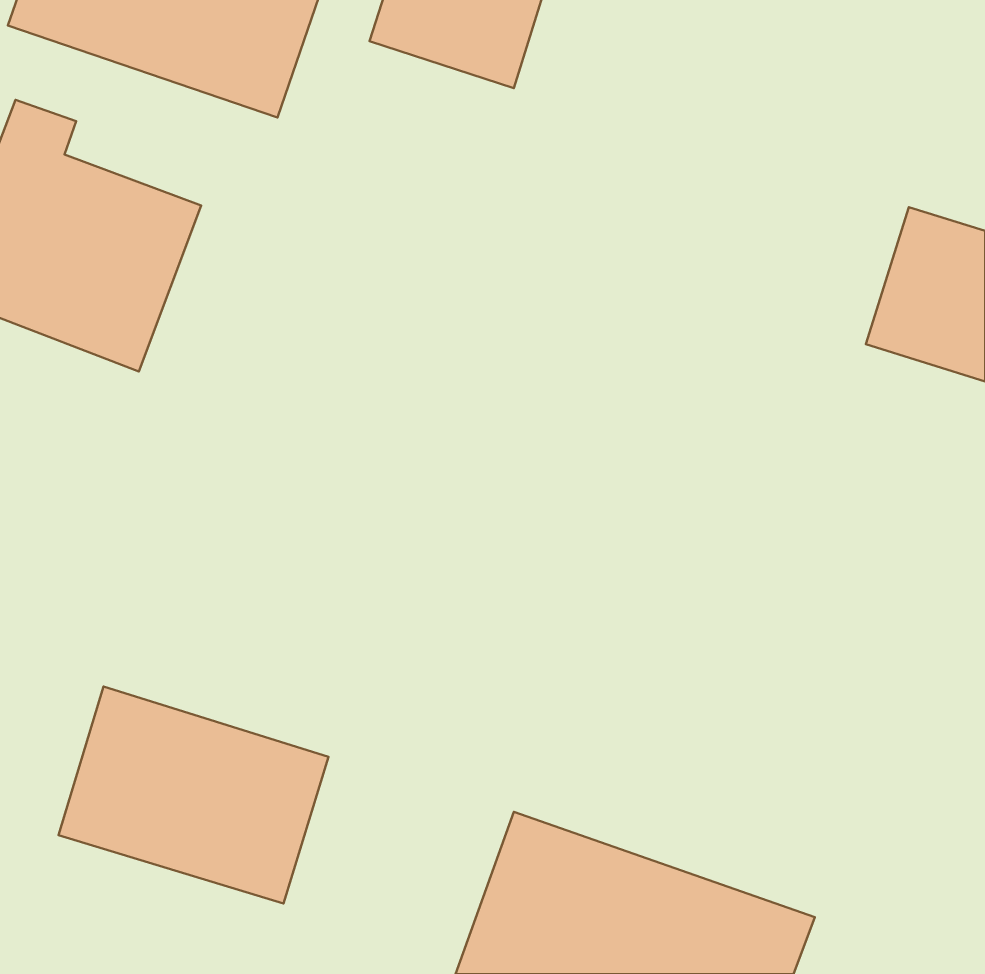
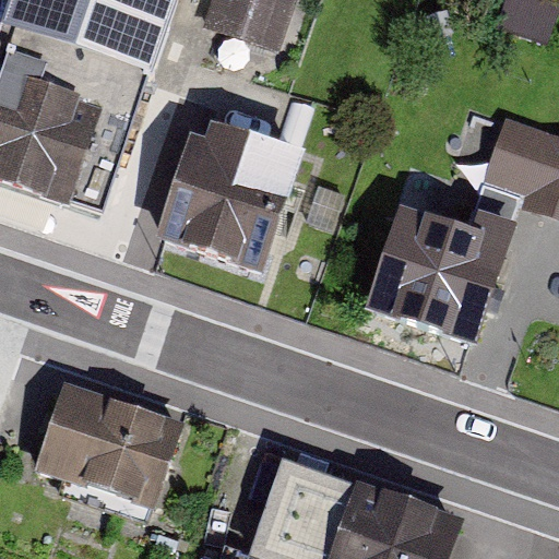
building: none -> [148,121,297,272]
building: none -> [369,200,510,344]

